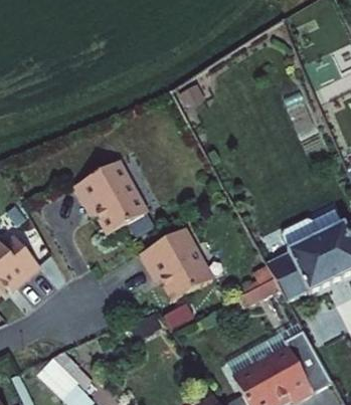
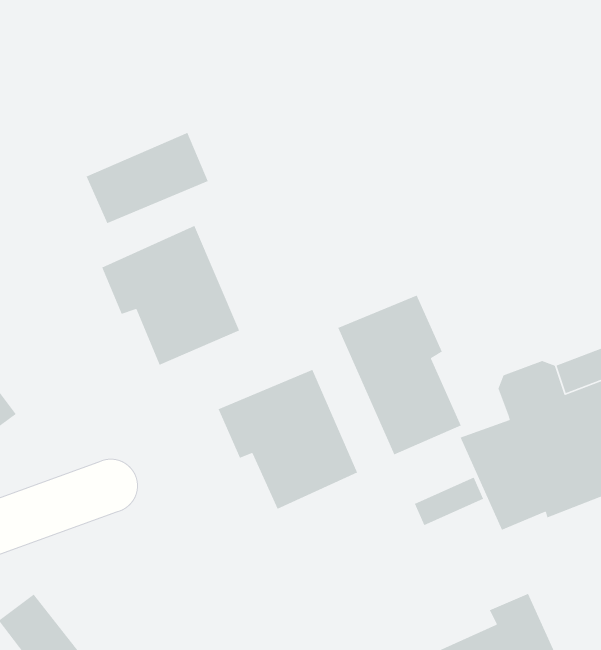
building: none -> [85,132,209,224]
building: none -> [337,295,462,456]

